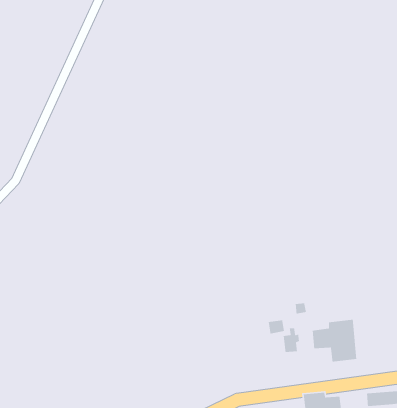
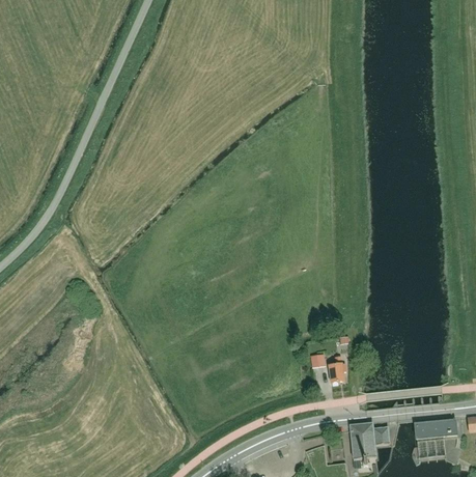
building: [312,319,357,362] -> none

